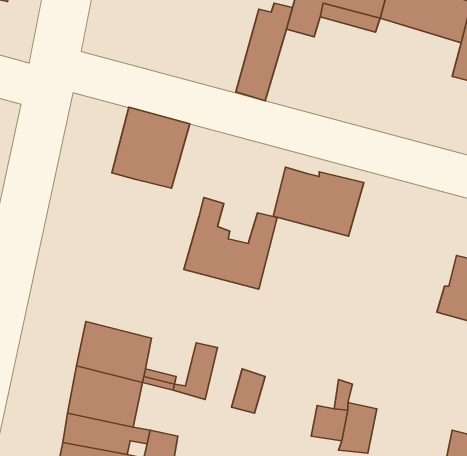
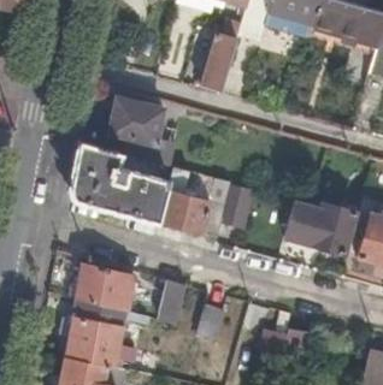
building: none -> [71,140,171,223]
building: [273,167,364,236] -> [287,200,358,254]

